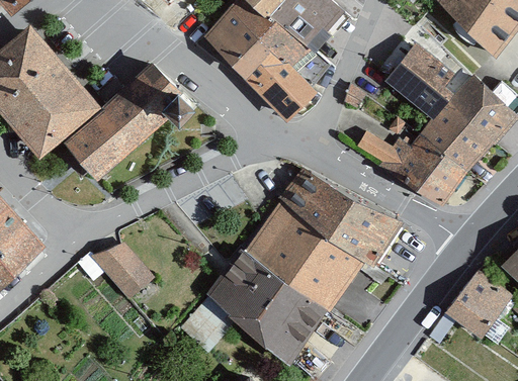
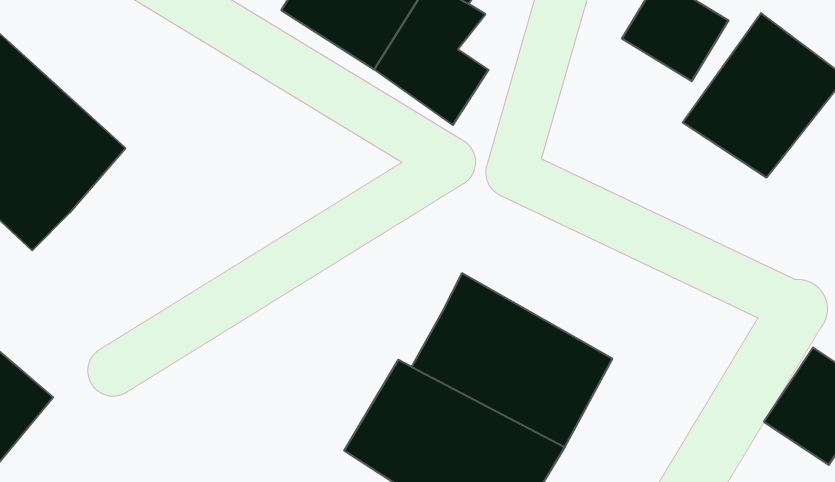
building: [62,55,198,178] -> none
building: [358,131,465,207] -> none
building: [276,169,396,269] -> none
building: [89,246,154,301] -> none

